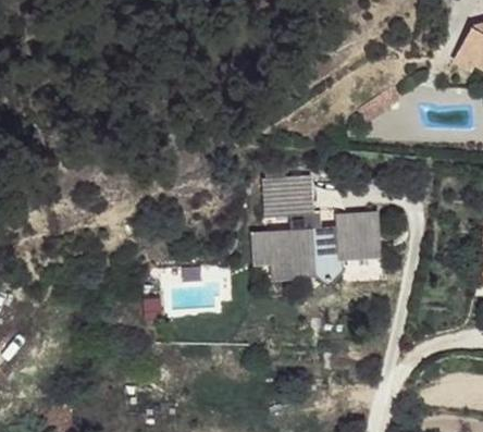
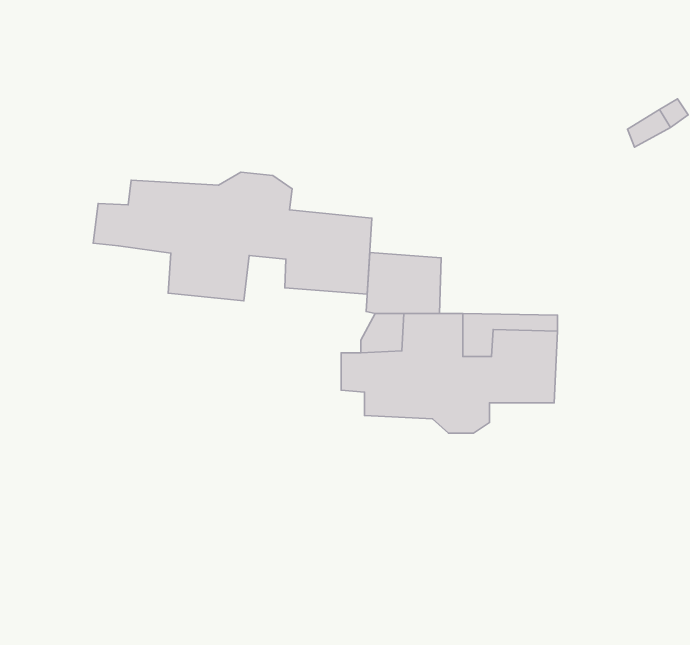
building: none -> [93,172,372,301]

